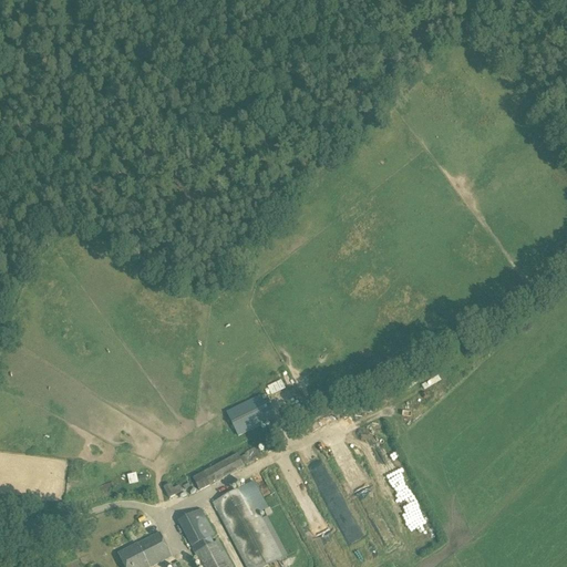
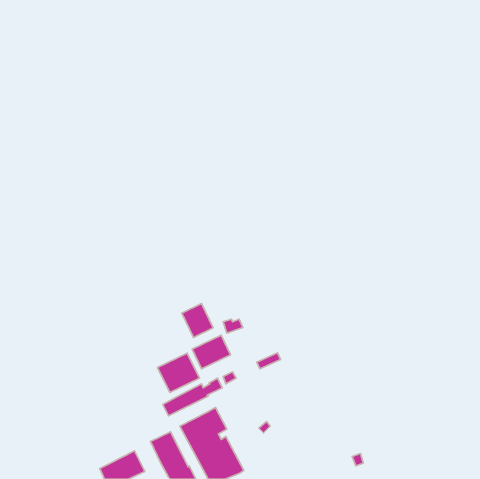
building: none -> [182,304,213,337]
building: none -> [157,353,200,393]

